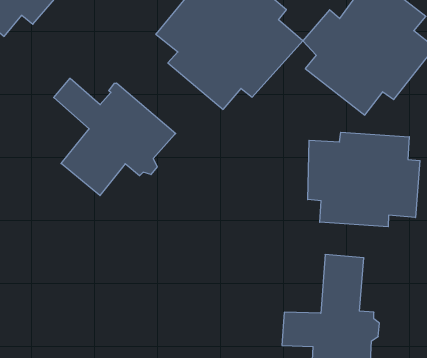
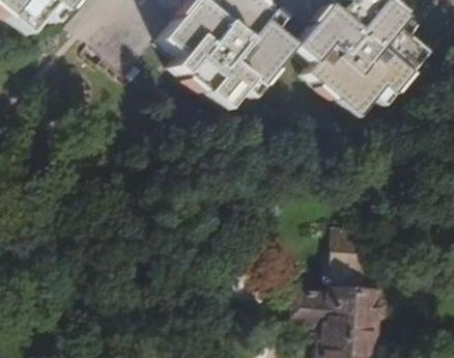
building: [54,78,176,196] -> none
building: [308,132,420,227] -> none

